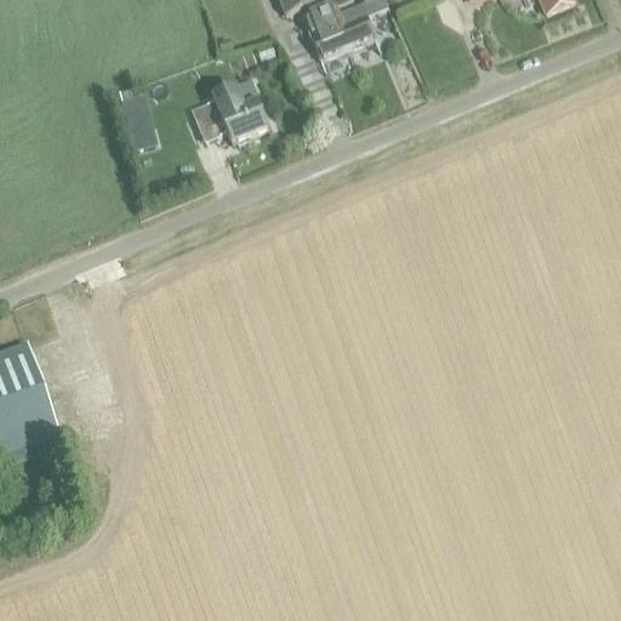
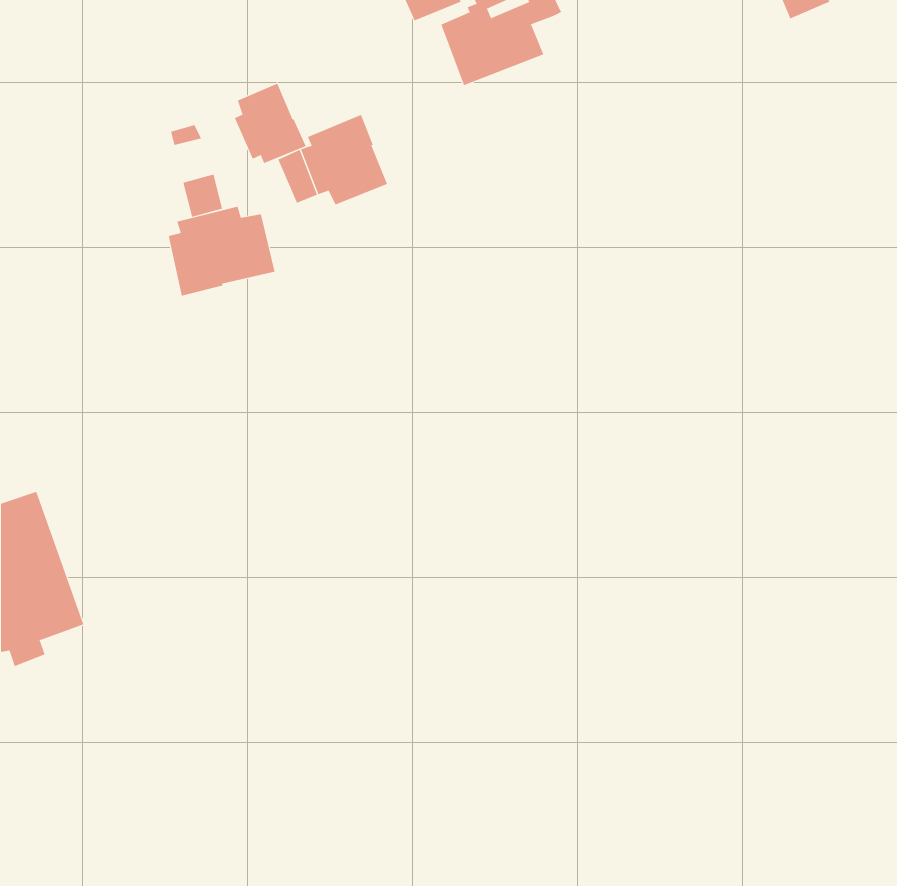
building: none -> [234,83,306,164]
building: none -> [168,206,275,296]

